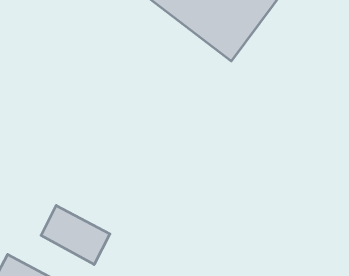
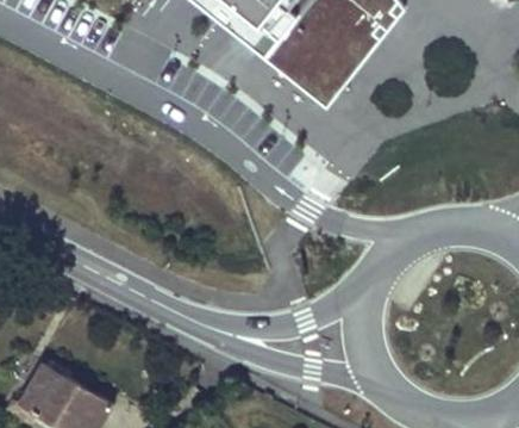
building: [41,205,110,265] -> none

